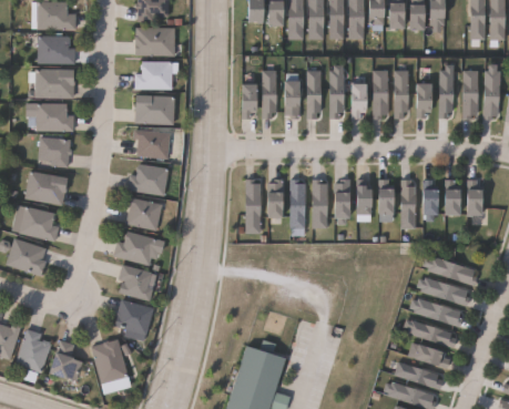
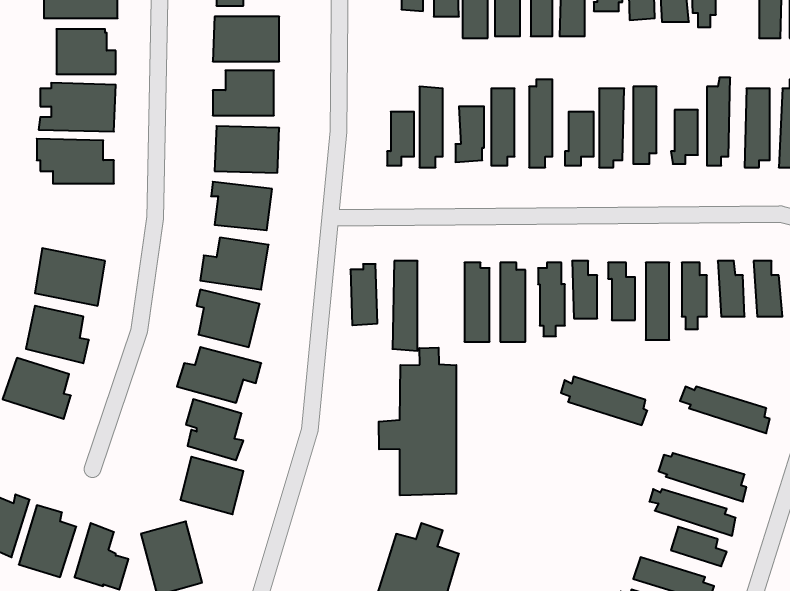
building: [37,135,73,167] -> none
building: [267,178,284,216] -> [350,264,377,325]
building: none -> [379,348,456,495]
building: [417,275,470,305] -> [561,377,647,425]

